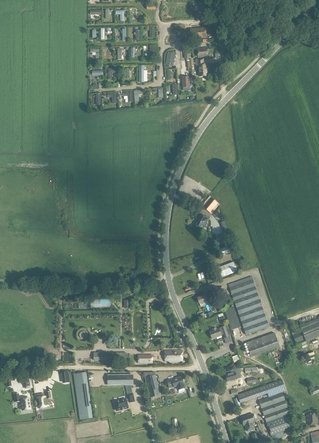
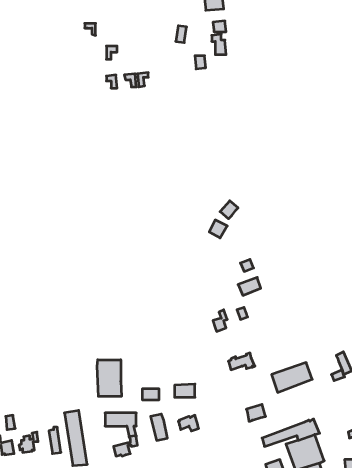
building: [227,275,268,334] -> none
building: none -> [97,360,121,396]

